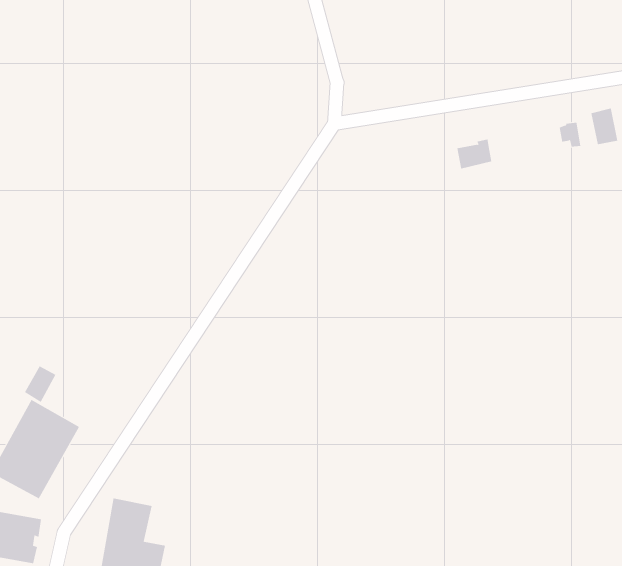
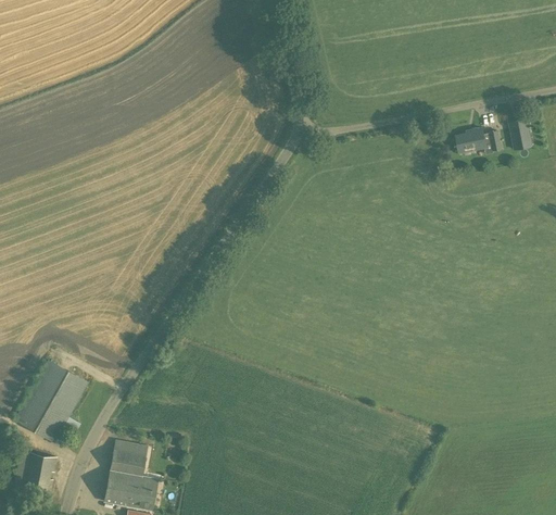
building: [457,139,492,169] -> [455,127,484,152]
building: [24,365,56,403] -> none

